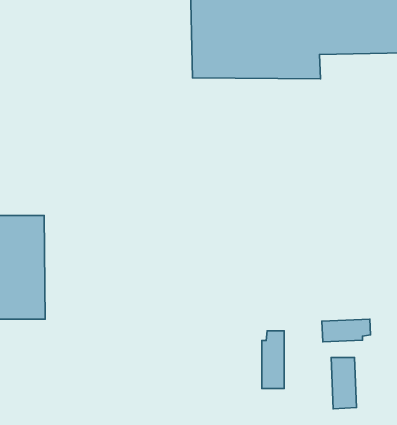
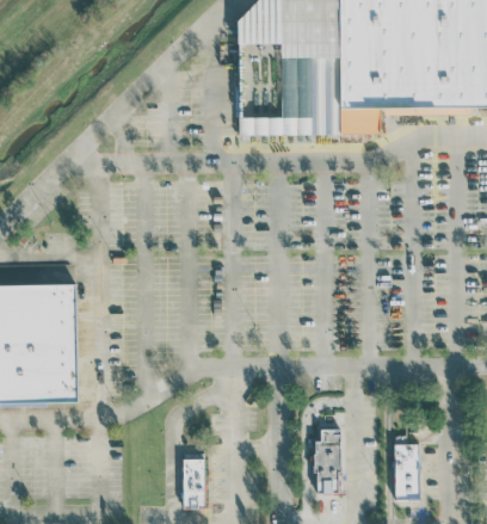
building: [322,319,370,342] -> none
building: none -> [181,462,206,511]

